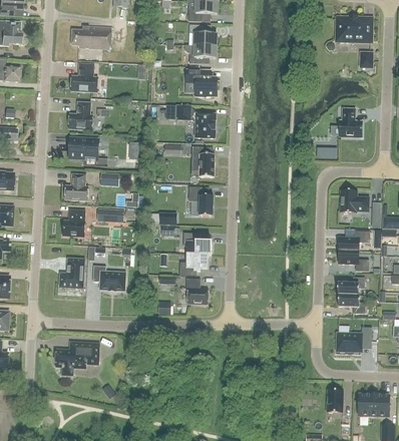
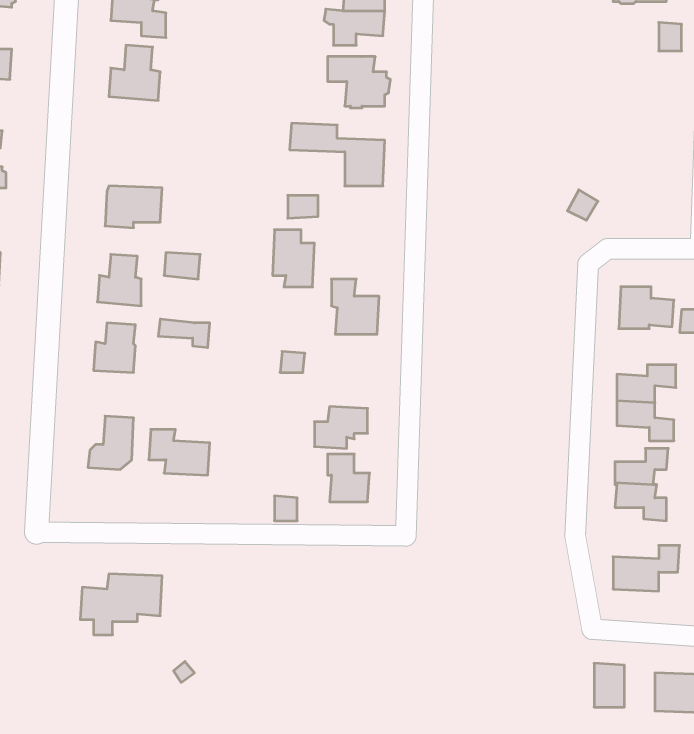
building: [69,101,93,129] -> none
building: [339,108,362,136] -> none
building: [192,146,215,176] -> [273,230,314,287]
building: [183,233,212,255] -> none

